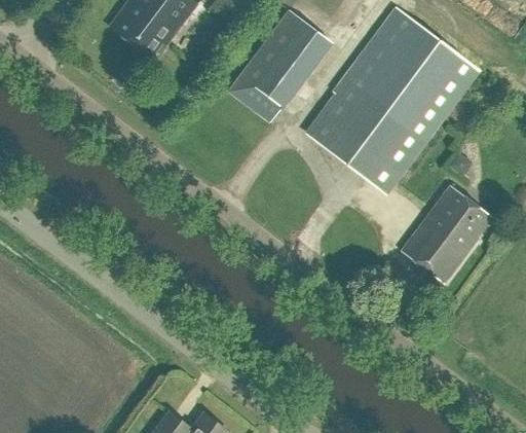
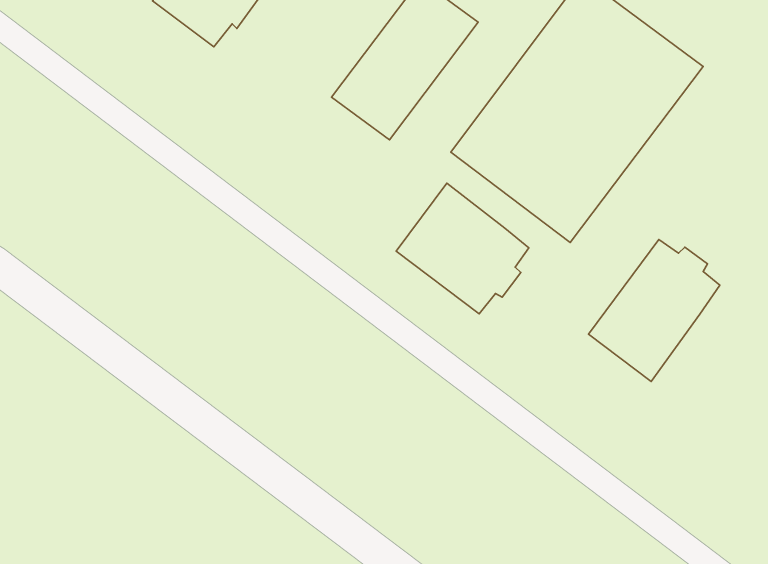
building: none -> [396,183,529,314]

